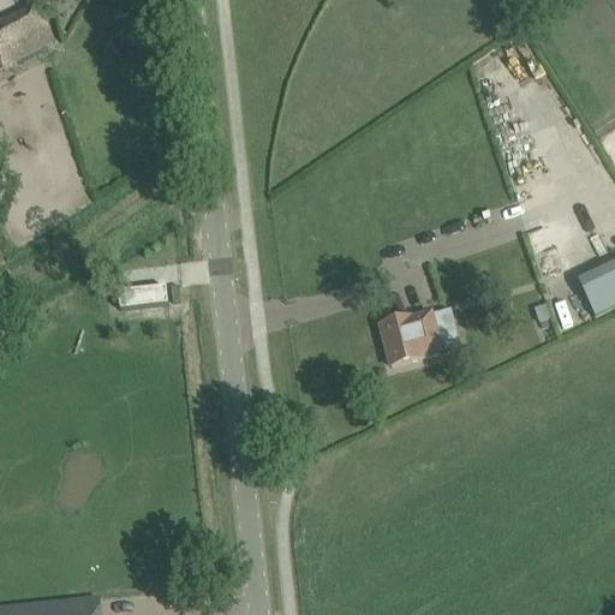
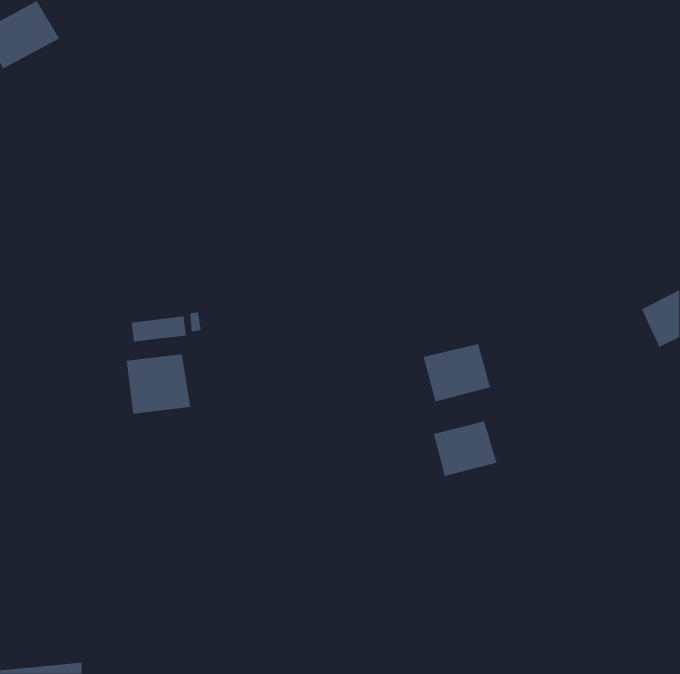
building: none -> [126,354,191,415]
building: none -> [433,421,497,477]

